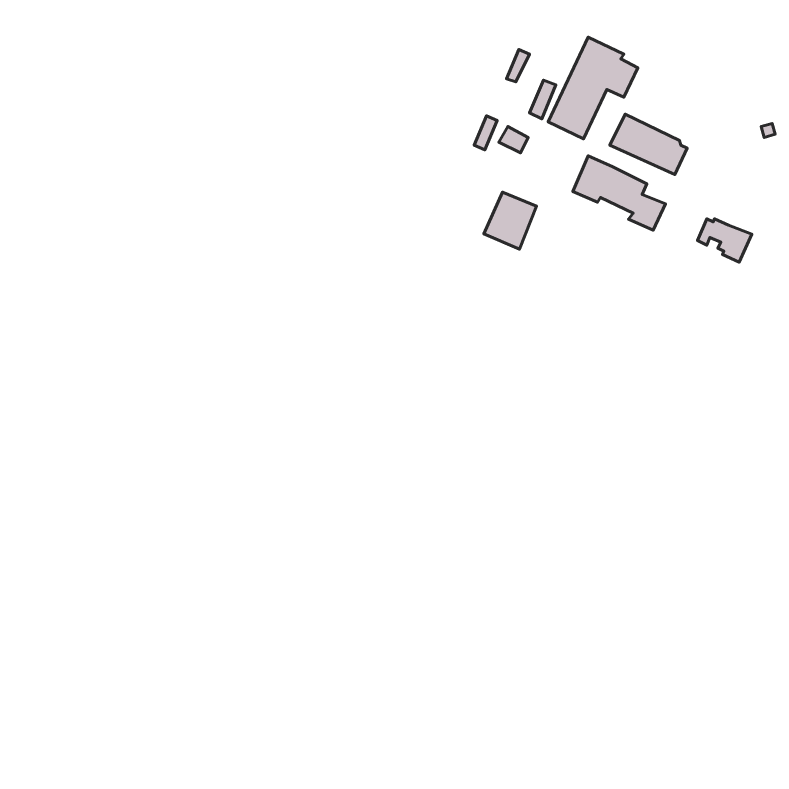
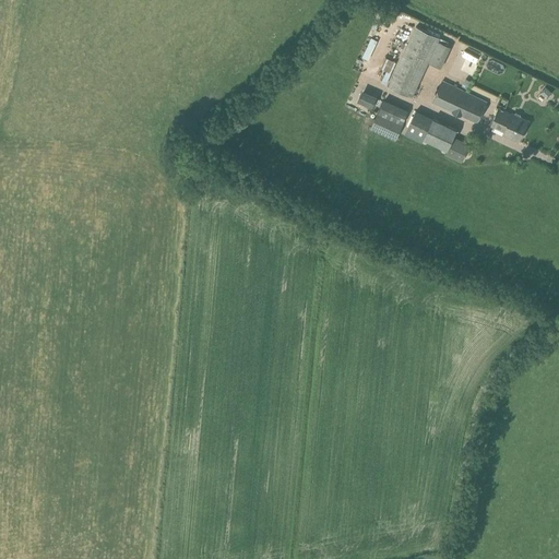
building: [484,192,536,249] -> [371,100,408,141]
building: [698,219,752,262] -> [490,110,528,141]

